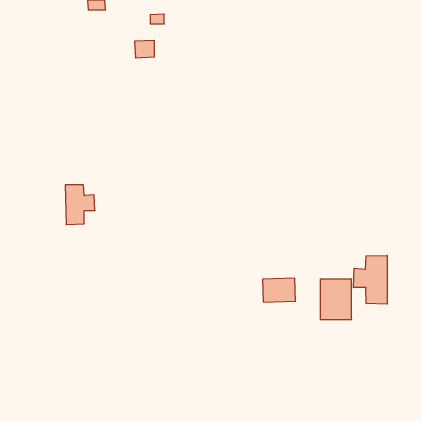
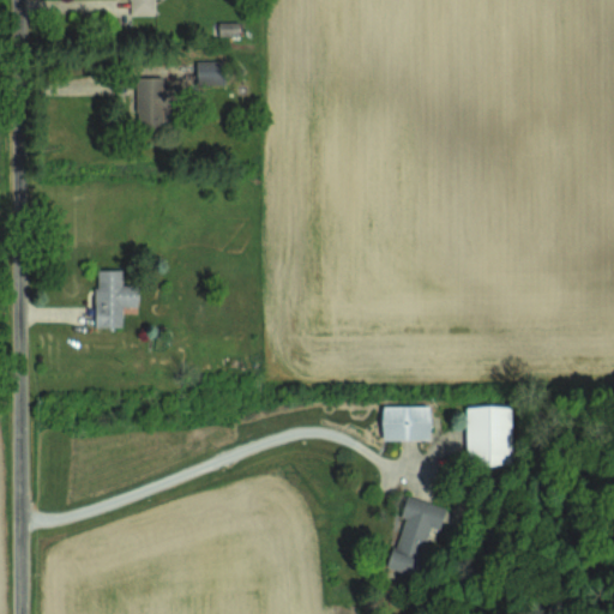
building: none -> [137,77,177,127]
building: [353,255,387,304] -> none
building: none -> [390,496,446,574]

